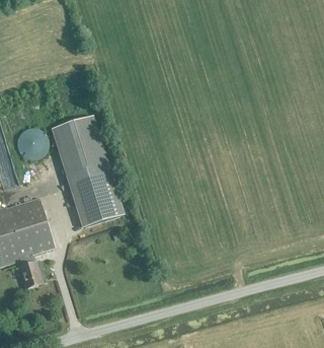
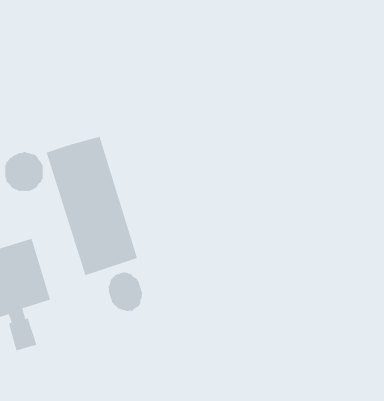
building: none -> [108,272,143,312]

